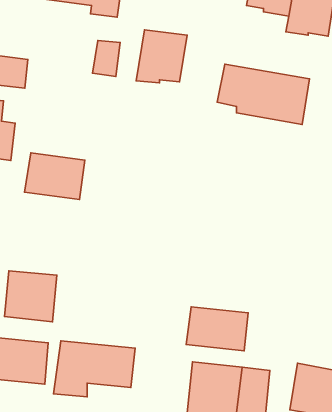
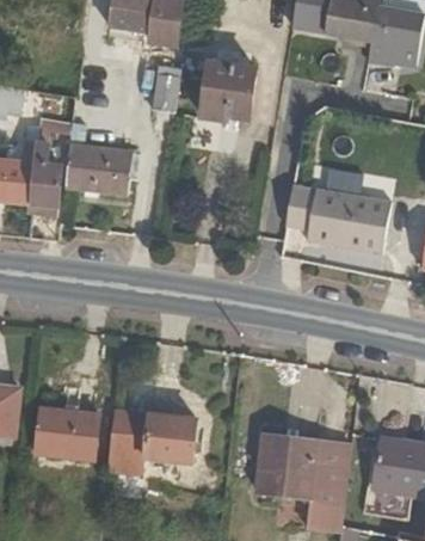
building: [217,64,310,125] -> [284,184,388,252]
building: [24,153,85,199] -> [63,143,131,196]
building: [5,271,57,322] -> none
building: [186,307,248,351] -> none

